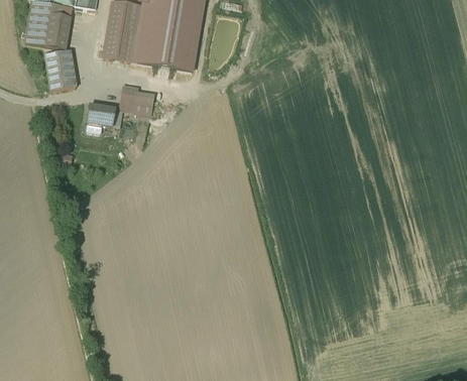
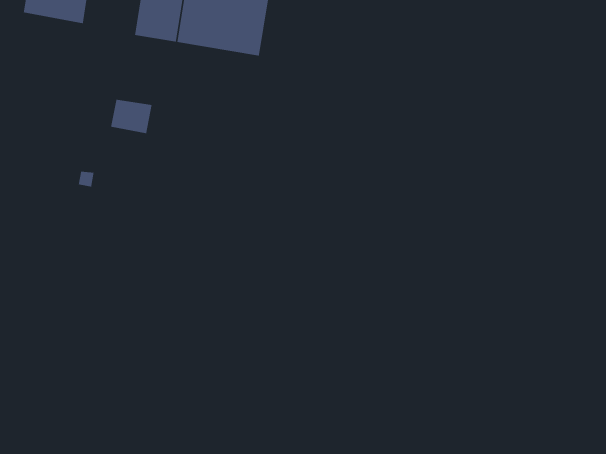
building: [44,48,77,89] -> none
building: [119,83,155,114] -> none

